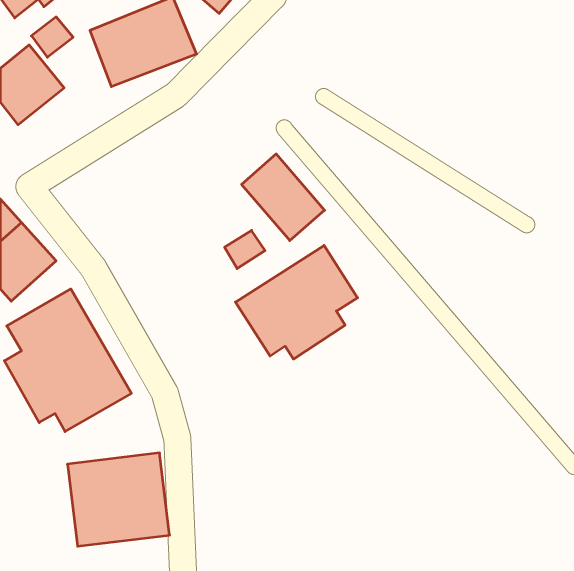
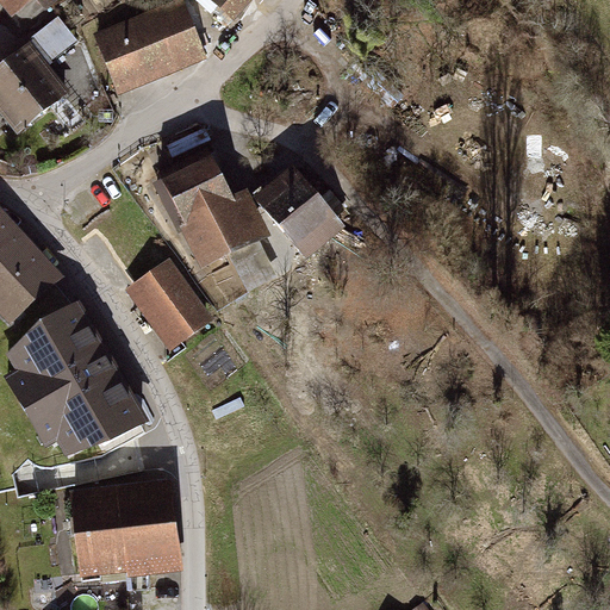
building: none -> [164,154,274,272]
building: none -> [131,260,208,343]
building: [235,245,358,359] -> none

